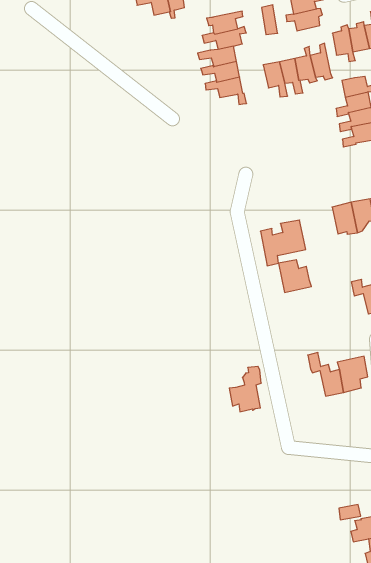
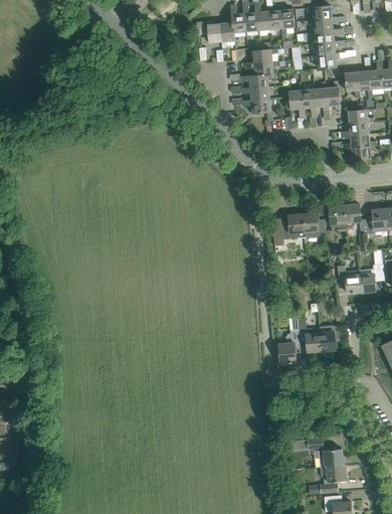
building: [279,260,311,292] -> [303,213,326,237]
building: [229,366,261,412] -> [273,330,299,363]

